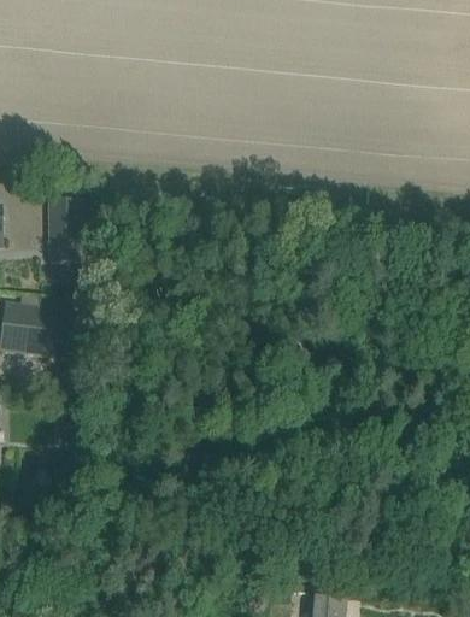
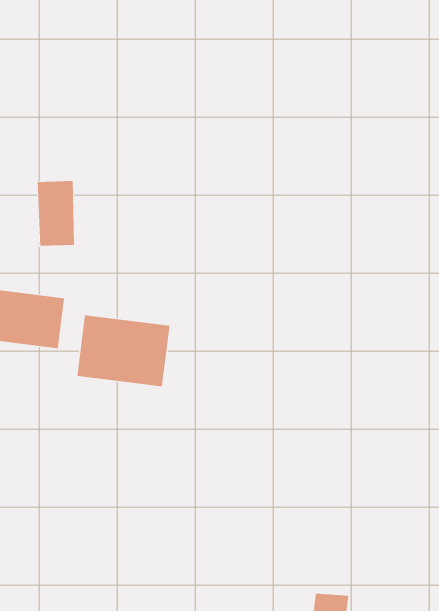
building: none -> [77,315,170,387]

